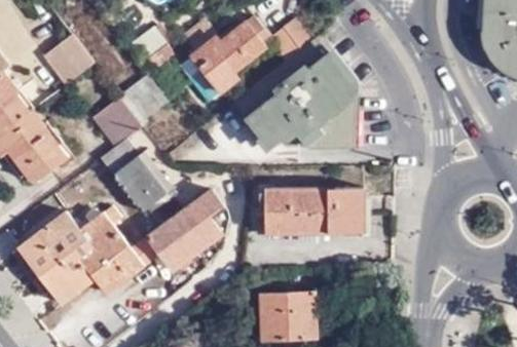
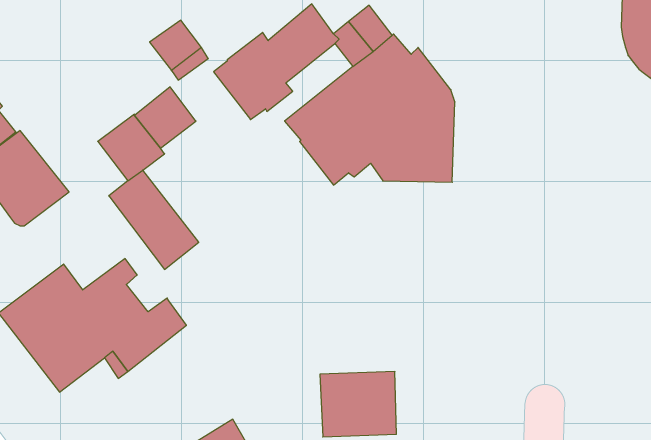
building: [43,36,93,85] -> none
building: [264,188,364,234] -> none
building: [146,189,223,272] -> none

